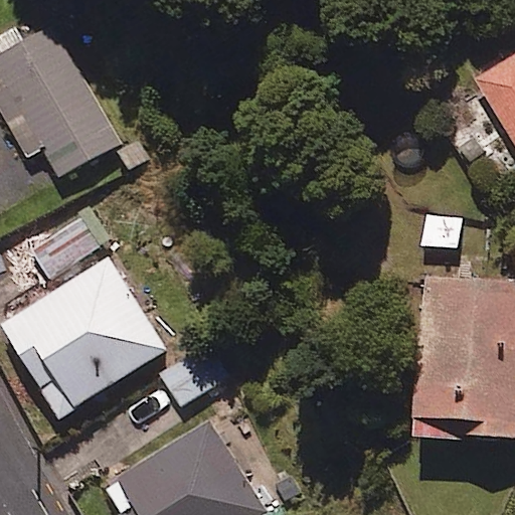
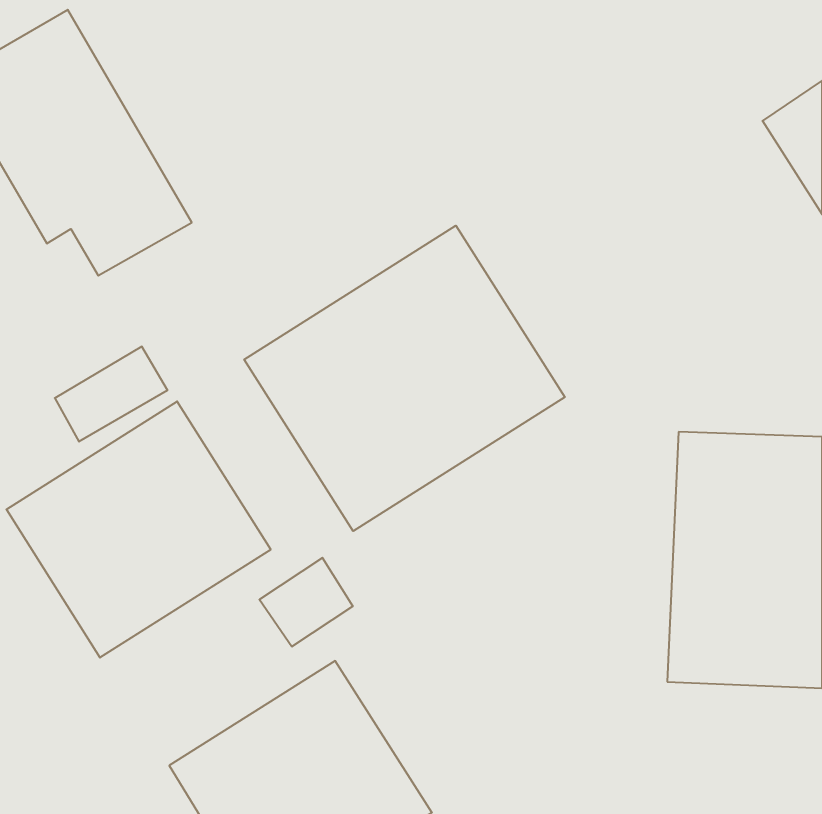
building: none -> [244,226,565,531]

